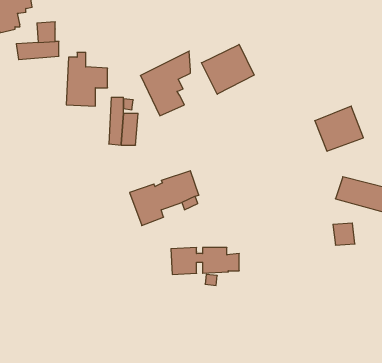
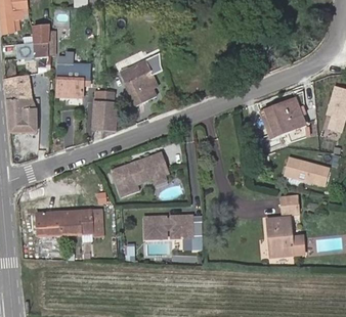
building: [201,44,254,94] -> none
building: none -> [5,75,36,133]
building: none -> [37,209,103,235]
building: none -> [267,217,304,256]

